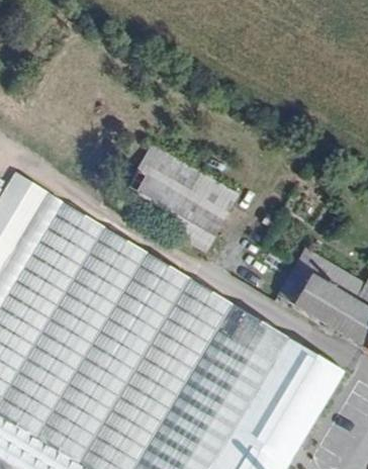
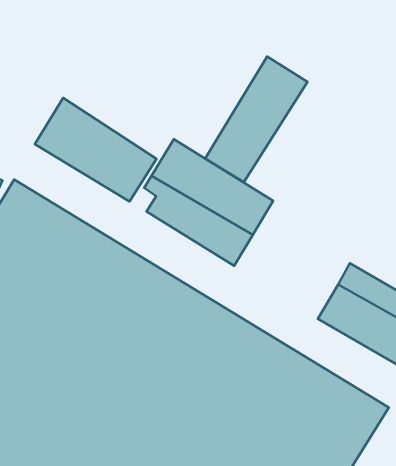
building: none -> [205,56,308,182]
building: none -> [35,98,156,201]

